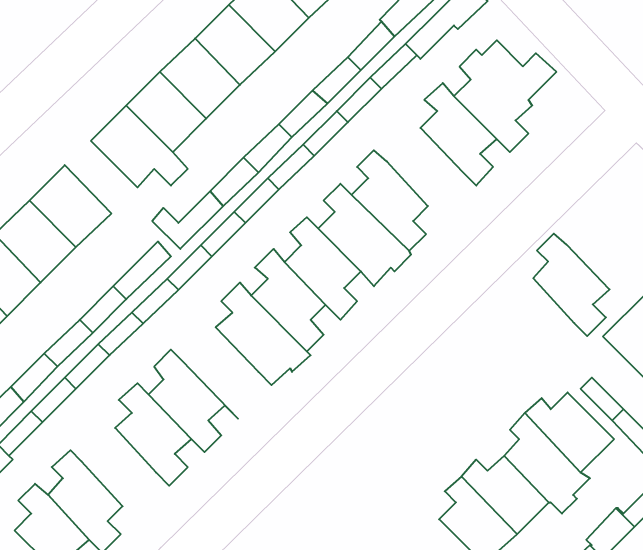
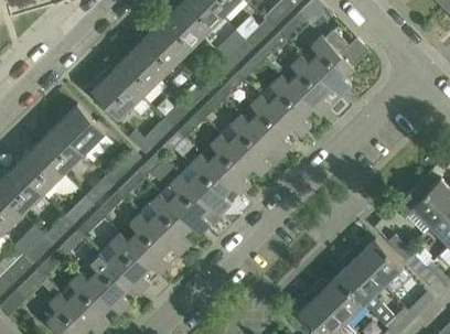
building: [533,234,610,336] -> [268,75,313,136]
building: none -> [147,193,192,254]
building: none -> [87,252,131,313]

